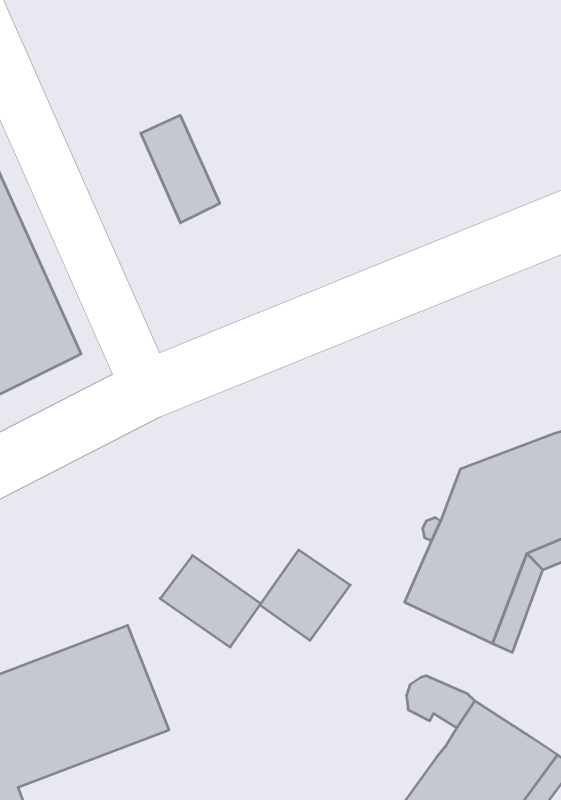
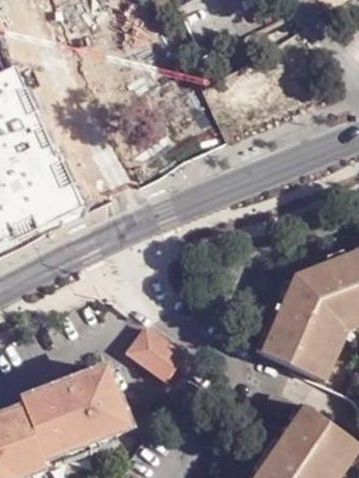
building: [141,115,220,223] -> none
building: [260,550,350,640] -> none

